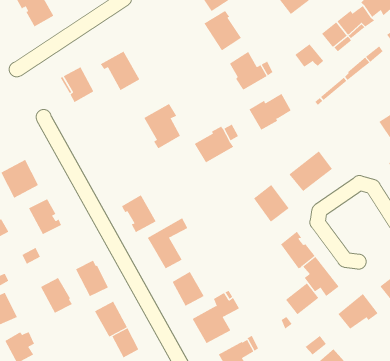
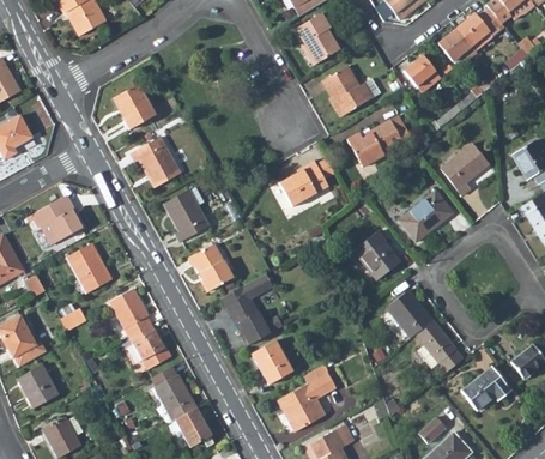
building: [100,51,140,91] -> [129,137,180,187]
building: [144,103,181,149] -> [163,186,210,243]
building: none -> [441,143,489,194]
building: [40,277,73,314] -> [113,292,153,338]
building: [285,282,319,315] -> none

